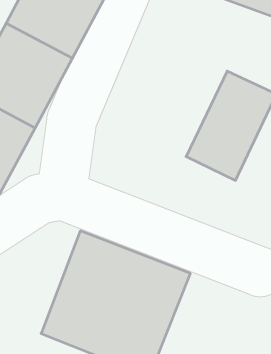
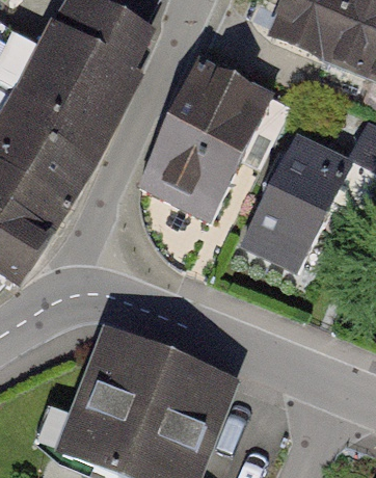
building: none -> [136,56,269,221]

